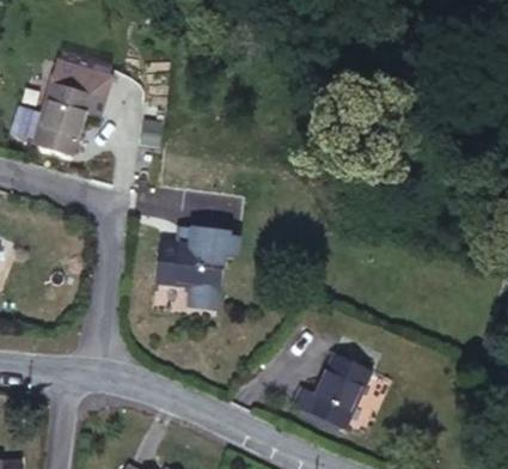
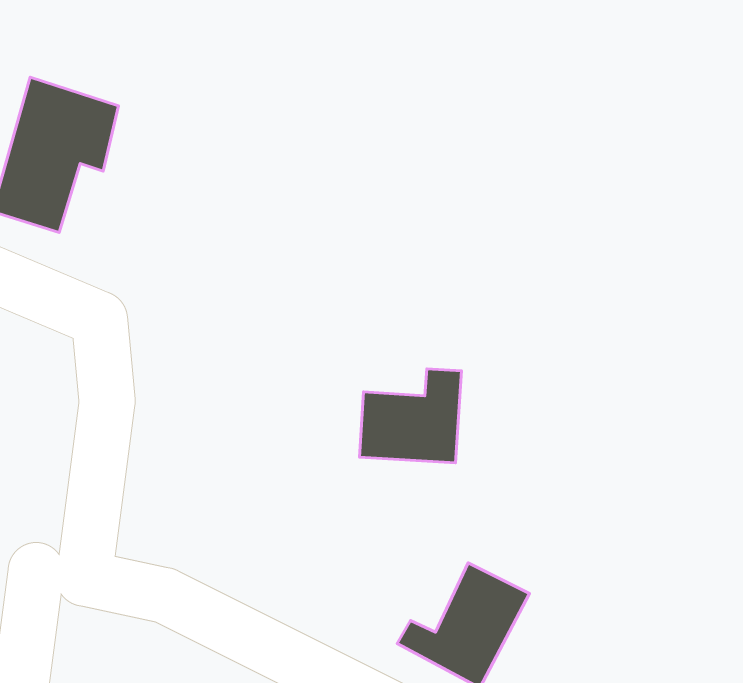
building: [159,236,222,294] -> [360,369,461,463]

